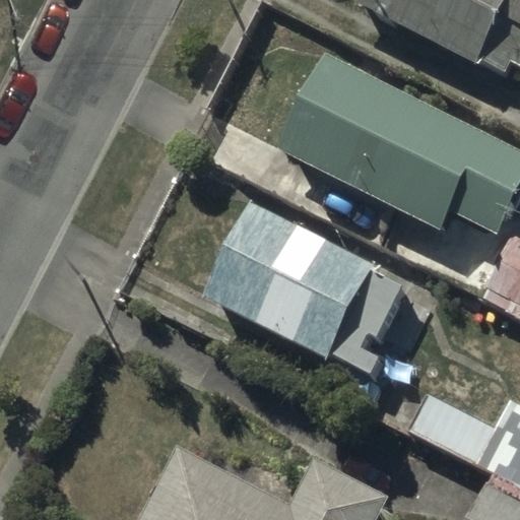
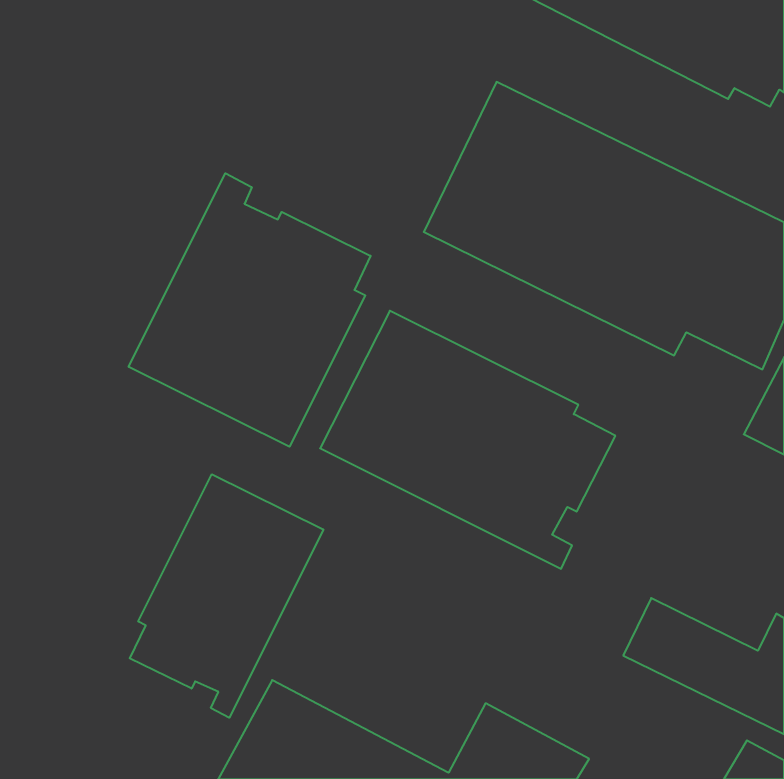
building: none -> [129,173,371,447]
building: none -> [130,474,323,718]

